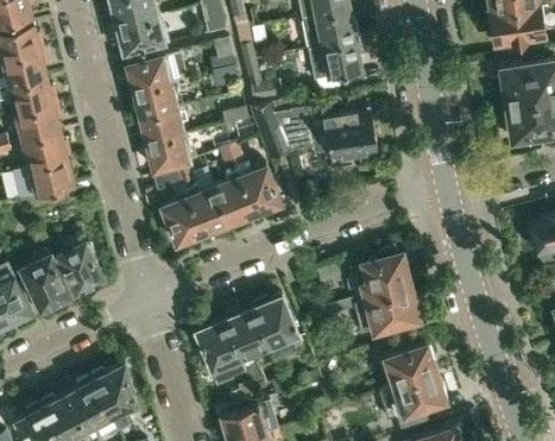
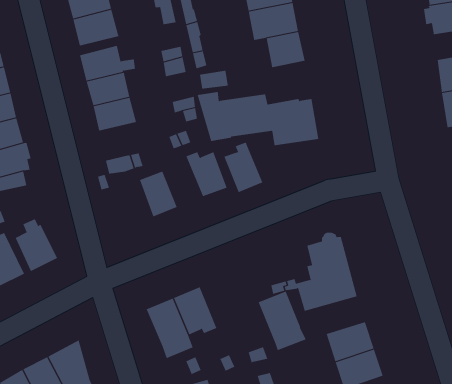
building: [145,134,193,171] -> none
building: [213,170,254,223] -> [223,142,263,193]
building: [160,190,202,244] -> none
building: [252,295,303,358] -> [258,291,307,351]

